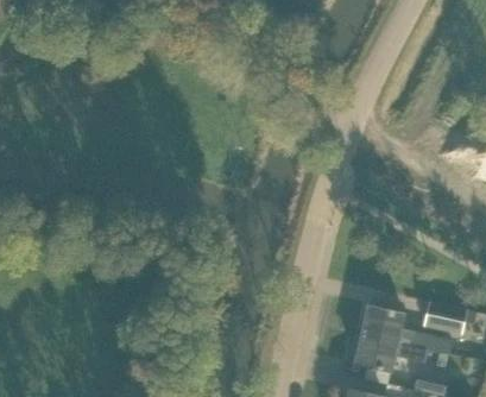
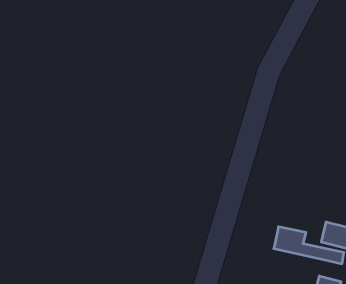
building: [345,333,416,370] -> none

